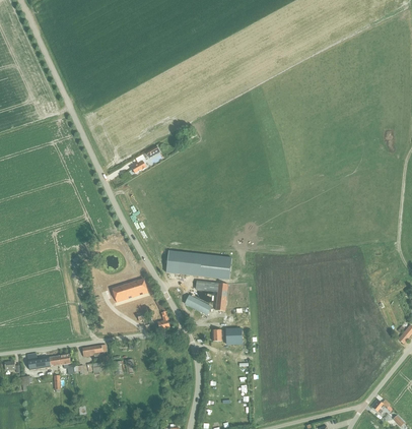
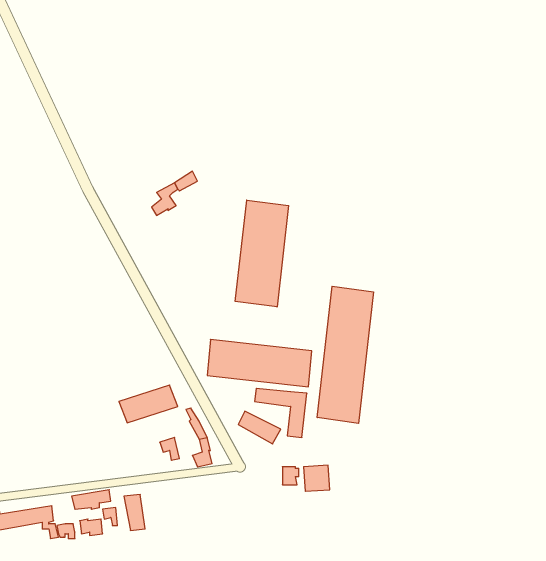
building: none -> [235,200,289,307]
building: none -> [317,286,373,423]

